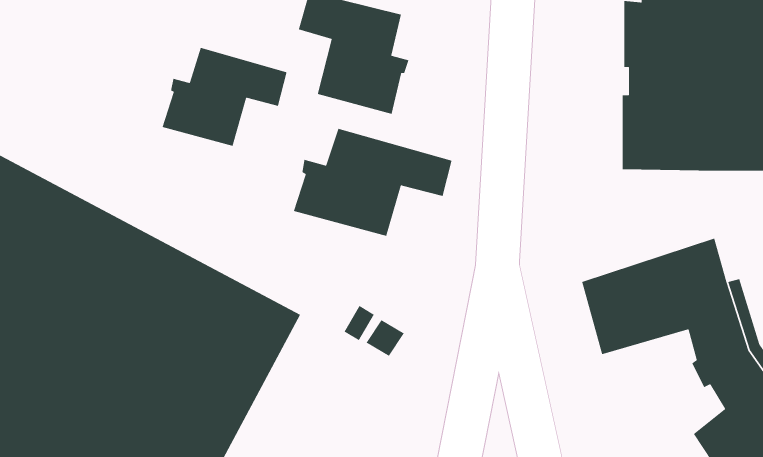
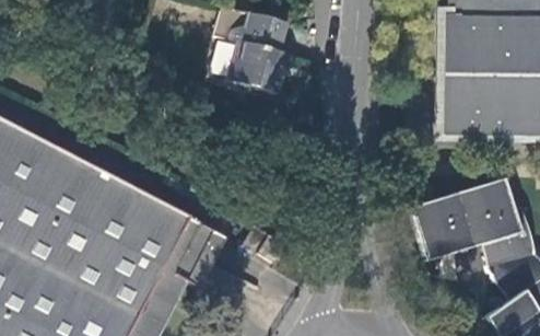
building: [162,47,287,147] -> none
building: [293,128,453,237] -> none

